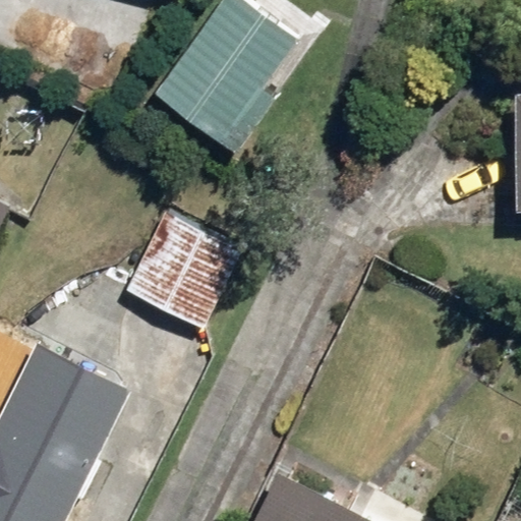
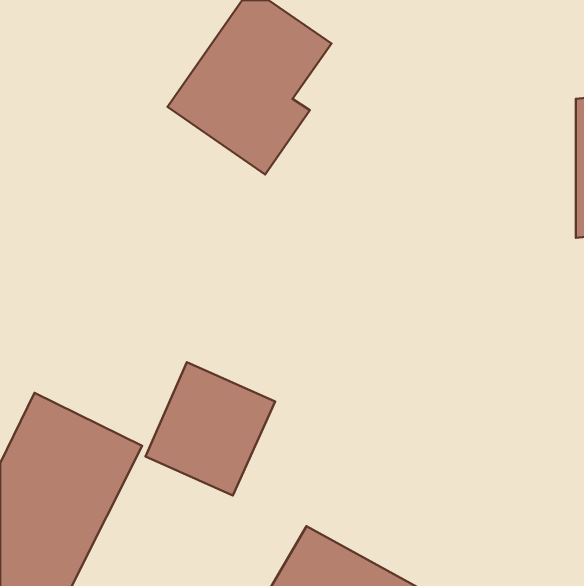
building: [128,209,243,327] -> [145,362,275,496]

